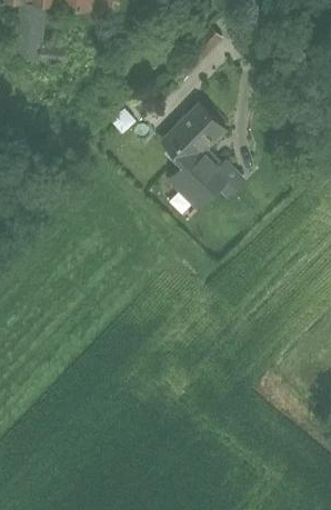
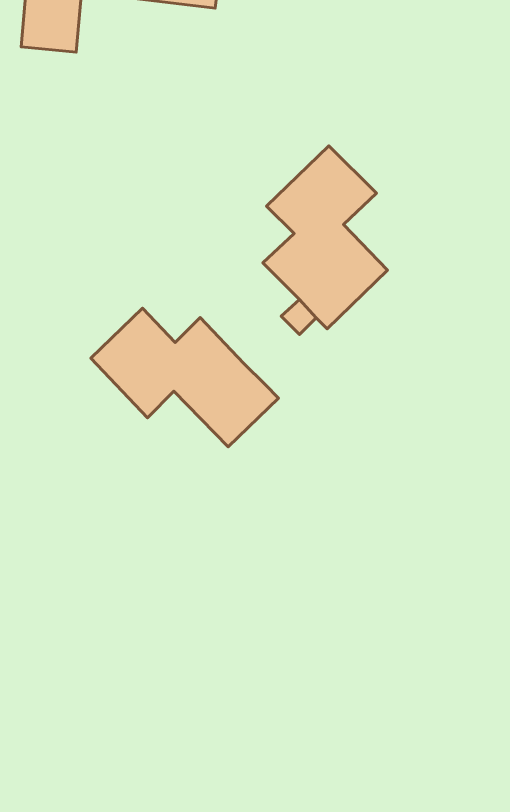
building: none -> [91,308,278,447]

